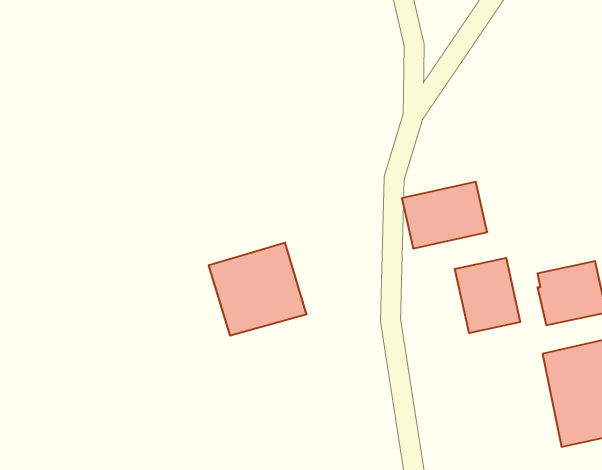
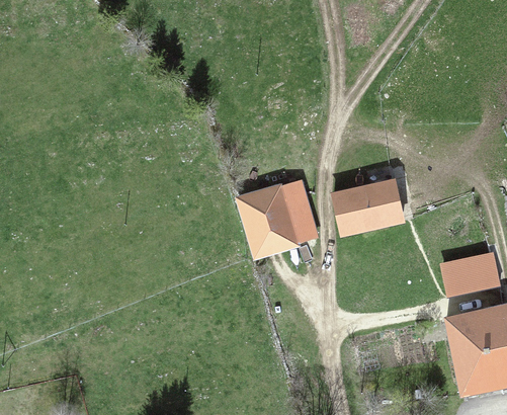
building: [209,243,307,336] -> [238,182,317,257]
building: [455,258,520,333] -> none

